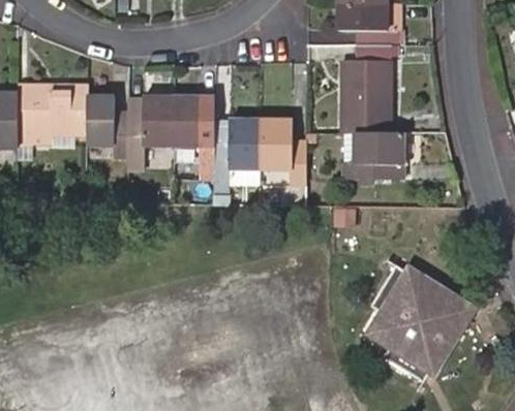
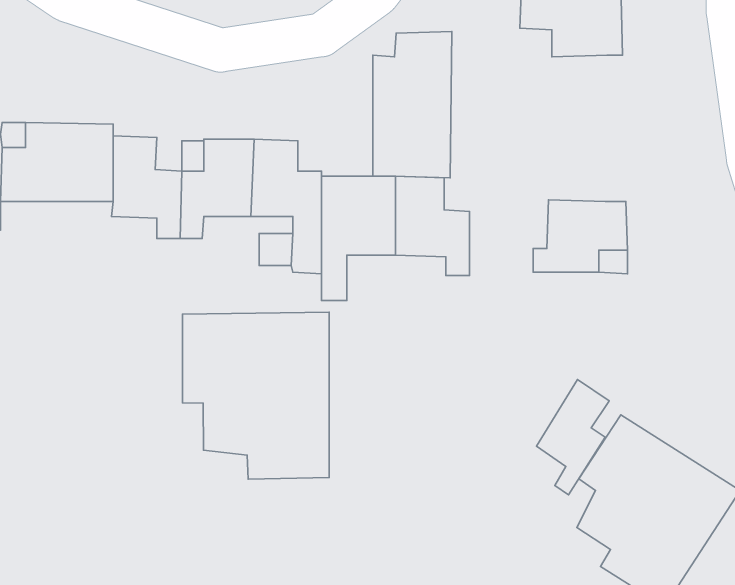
building: [342,44,391,134] -> [373,32,452,178]
building: none -> [182,312,329,479]
building: none -> [536,379,609,495]

